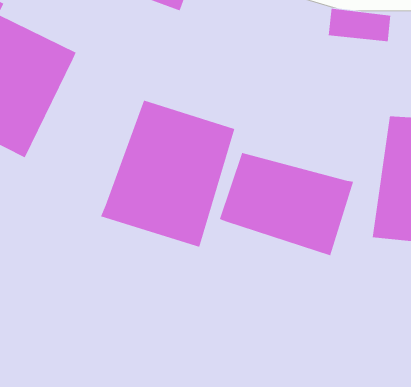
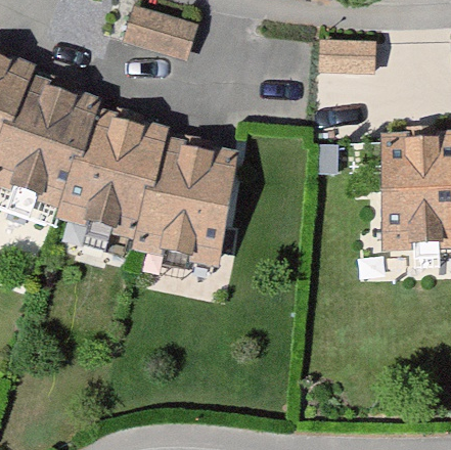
building: none -> [56,110,161,237]
building: [219,152,354,256] -> none

